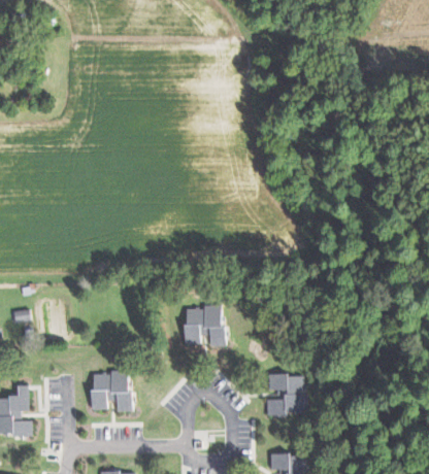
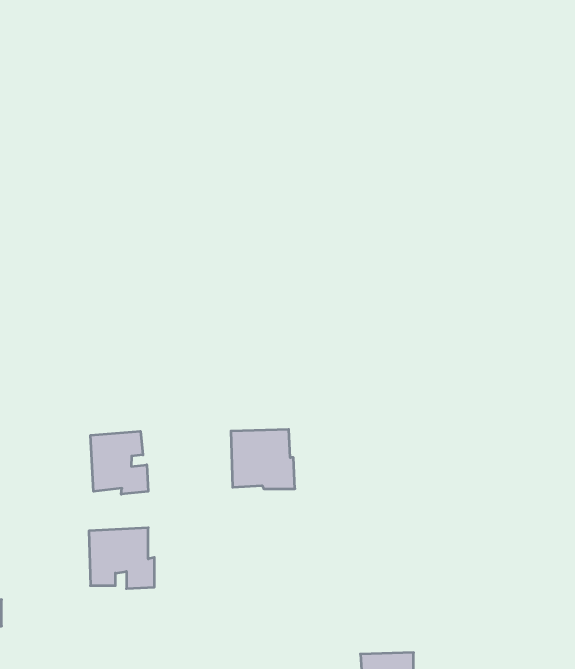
building: none -> [91,431,148,494]
building: [265,374,306,414] -> none

